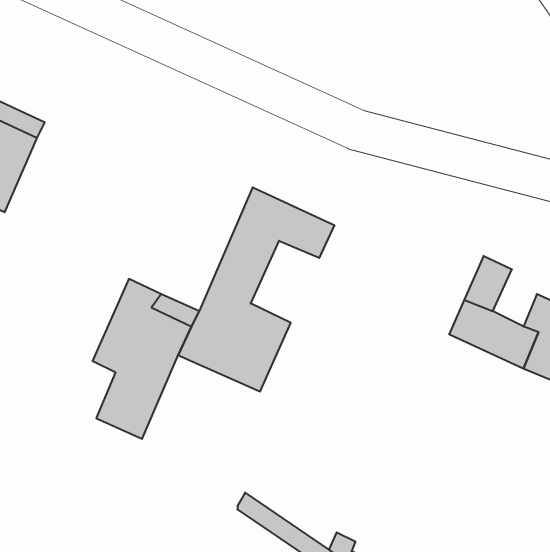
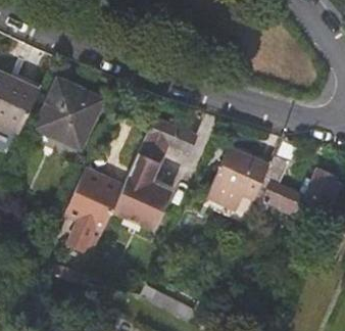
building: none -> [35,78,102,147]
building: none -> [206,148,266,214]

